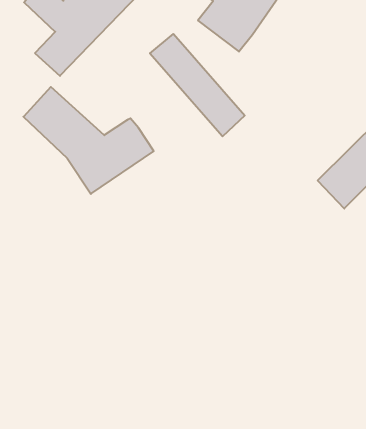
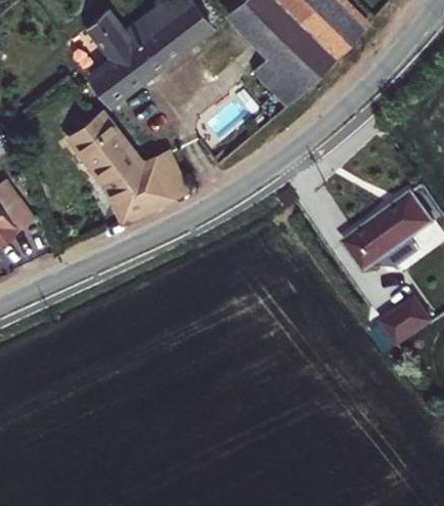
building: [150,34,245,136] -> none

